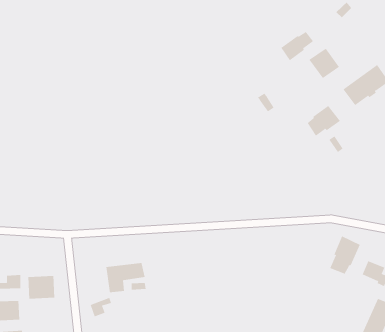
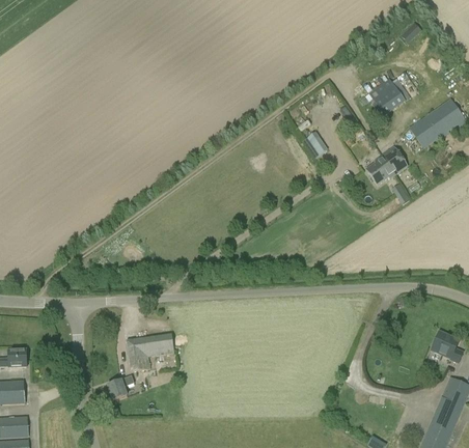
building: [281,31,314,61] -> none
building: [330,235,360,274] -> none
building: [28,275,55,300] -> none

